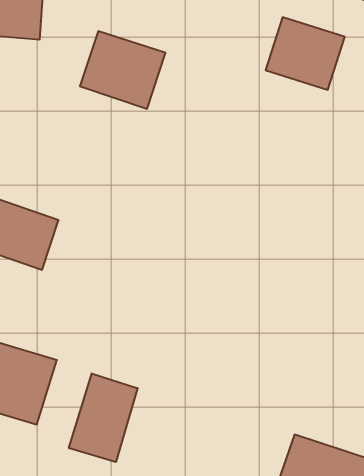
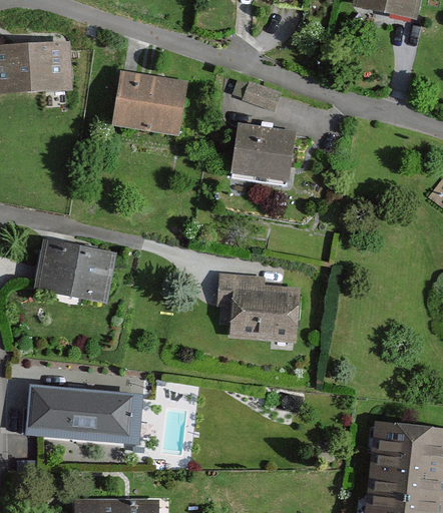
building: [266,17,345,90] -> [236,128,303,187]
building: none -> [218,275,302,340]
building: [69,373,138,462] -> none

